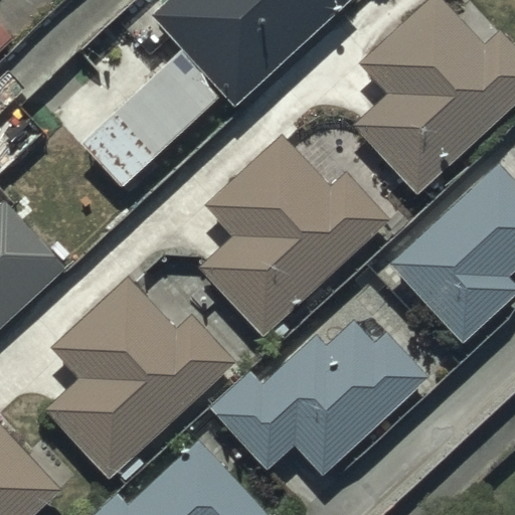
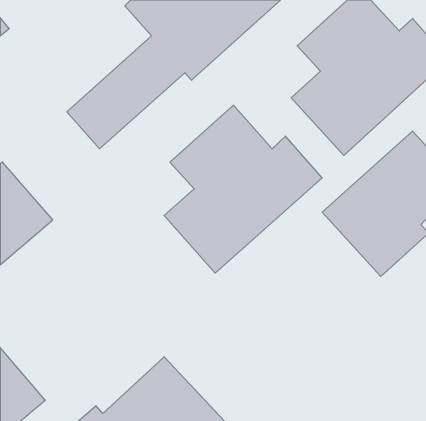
building: [46,278,236,479] -> none
building: [210,320,425,471] -> none

